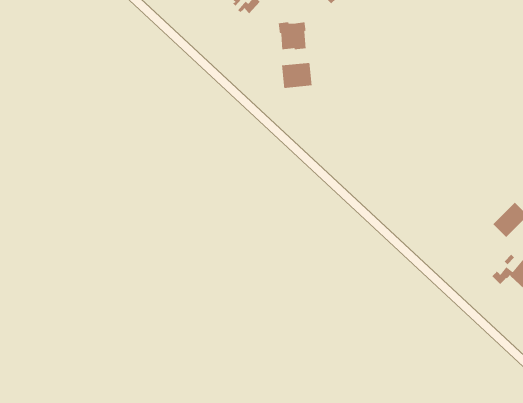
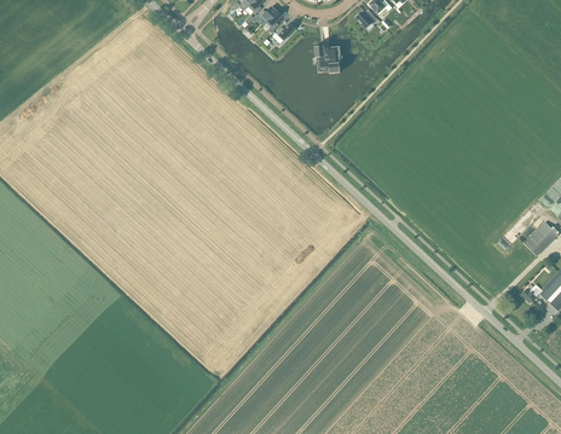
building: [281,62,313,89] -> none

